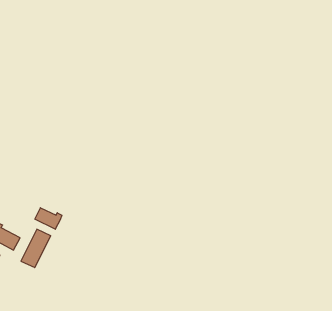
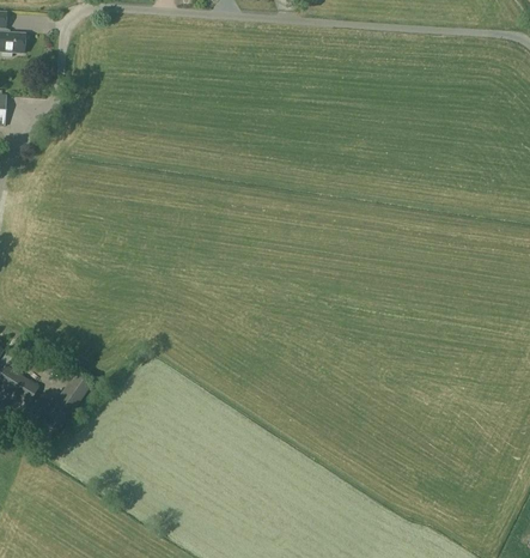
building: [35,208,62,229] -> none

